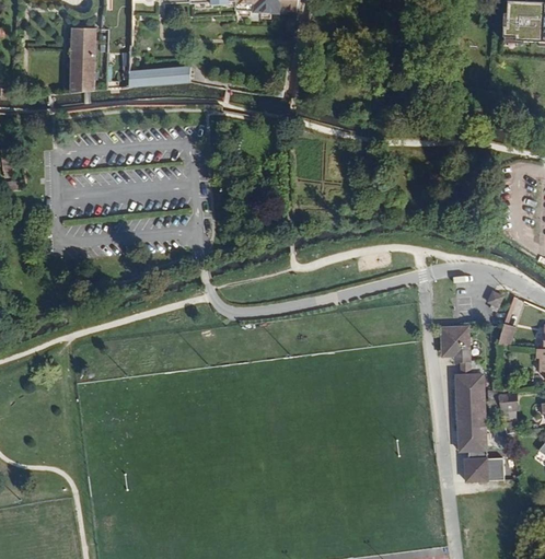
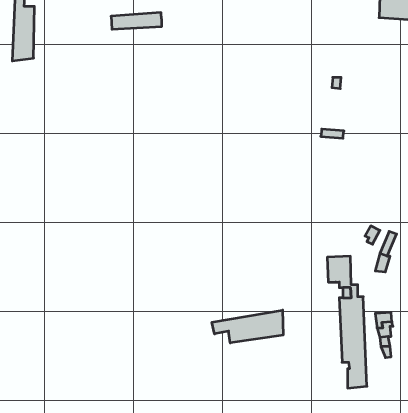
building: [128,65,188,84] -> [111,13,162,29]
building: none -> [212,310,283,343]

